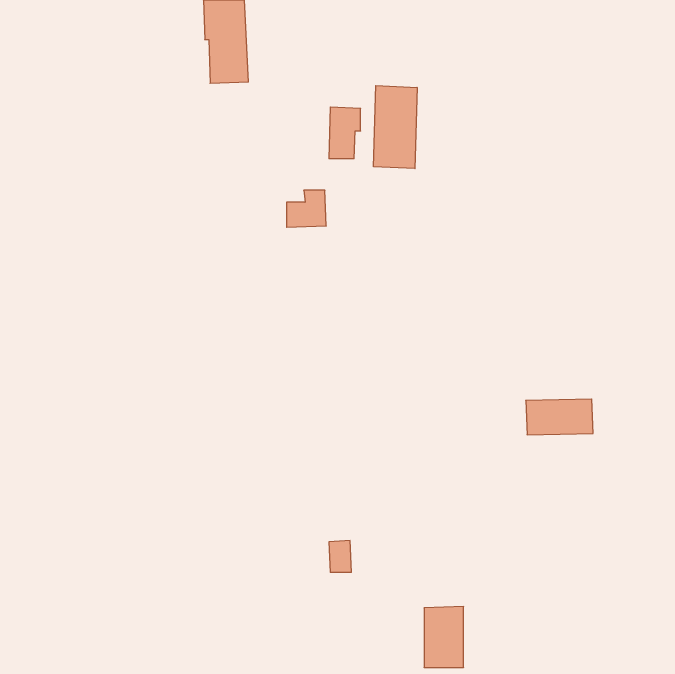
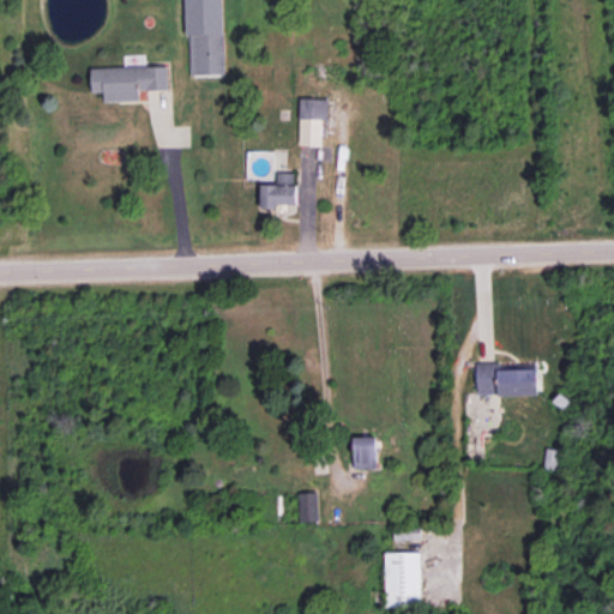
building: none -> [91,66,168,102]
building: [374,86,417,169] -> none
building: none -> [354,437,378,469]

